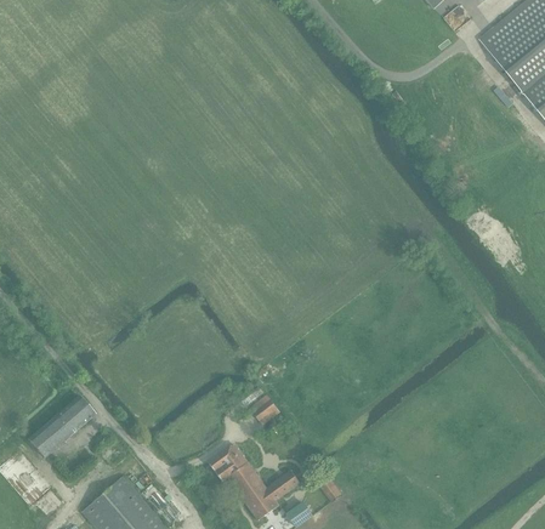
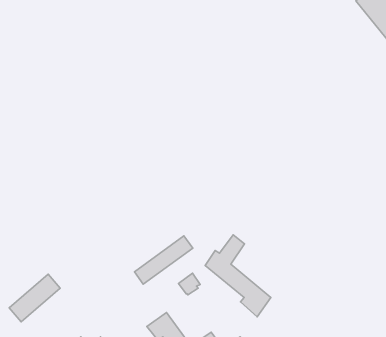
building: none -> [205,235,271,317]
building: none -> [134,236,193,284]

